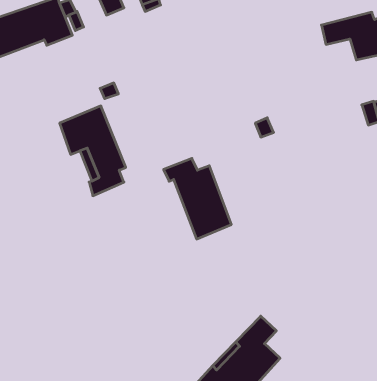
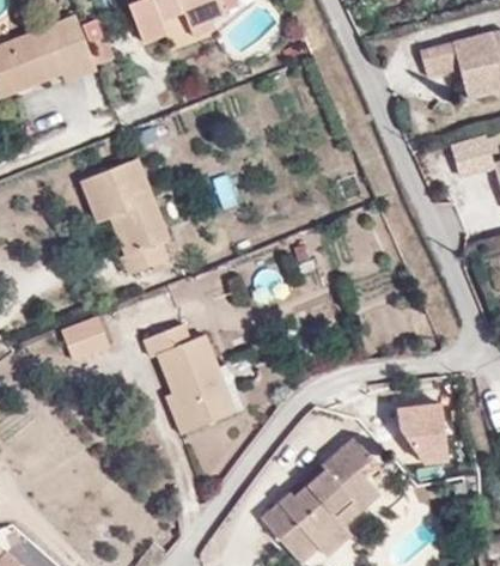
building: [164,158,231,239] -> [146,324,234,430]
building: none -> [63,316,110,358]
building: none -> [403,403,439,444]

